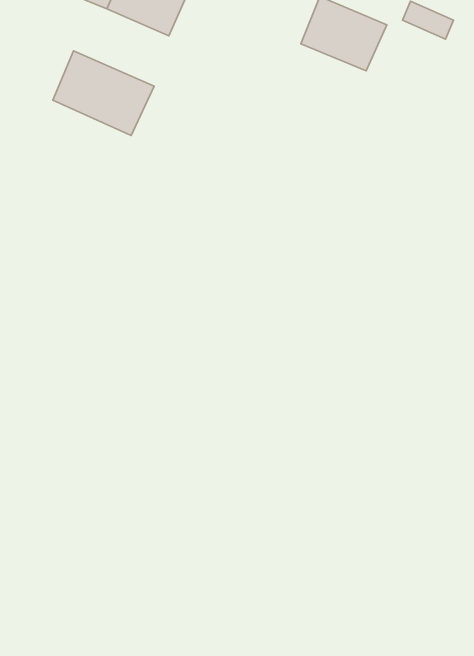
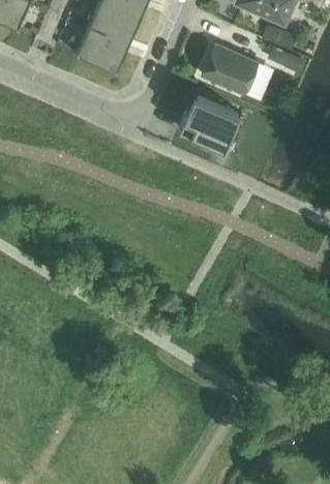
building: [53,51,154,135] -> none
building: none -> [179,94,238,147]

